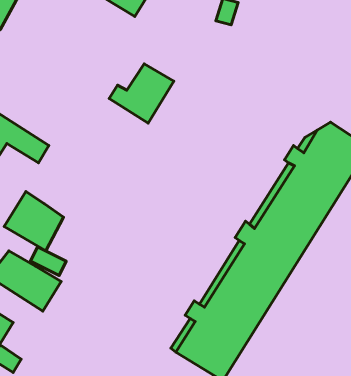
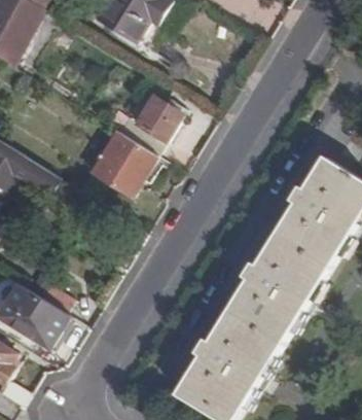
building: none -> [93,132,157,198]
building: [4,192,64,251] -> none

